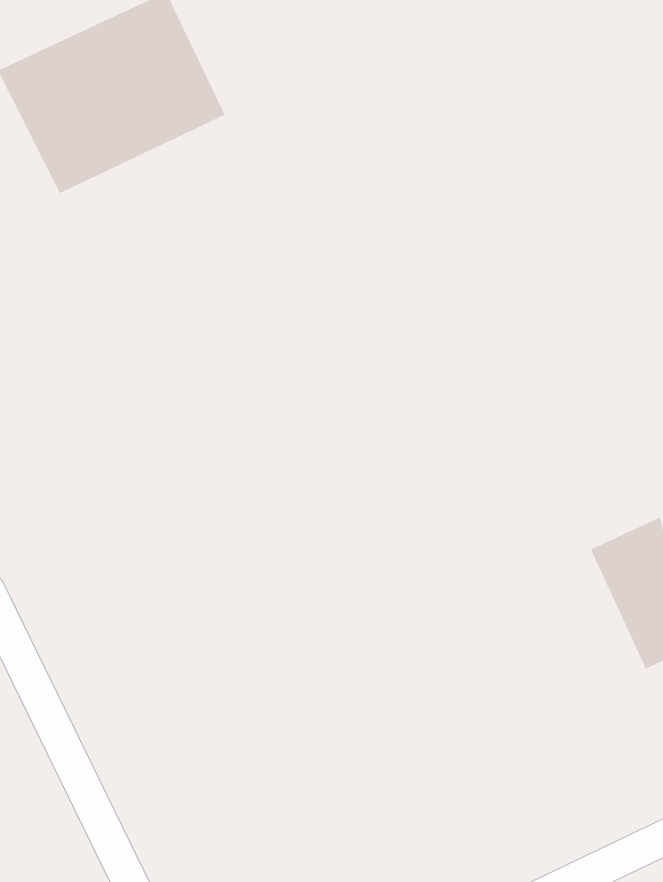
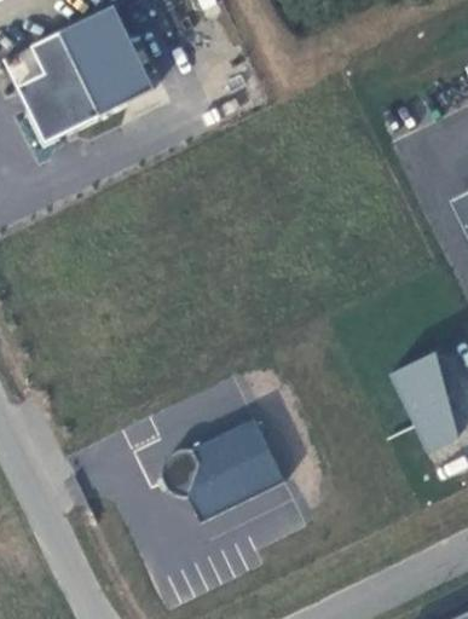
building: none -> [161,418,282,521]

